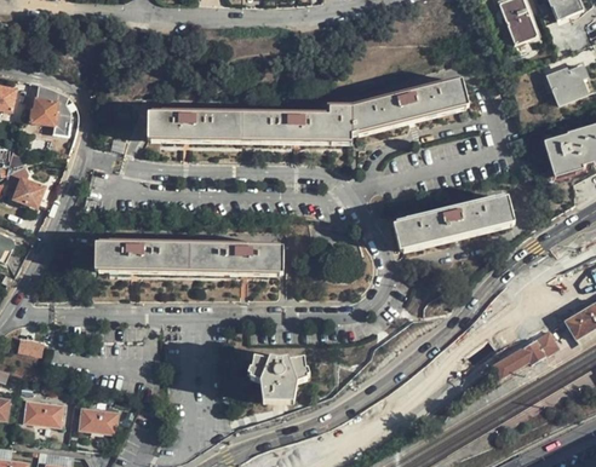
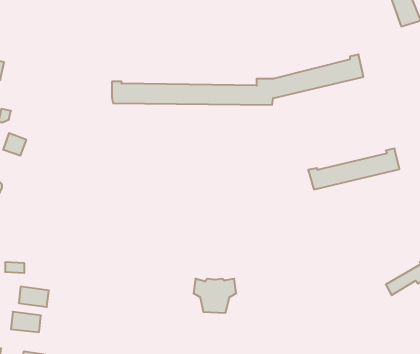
building: [30,83,73,136] -> none
building: [97,244,281,273] -> none
building: [80,408,118,433] -> [19,287,49,307]

